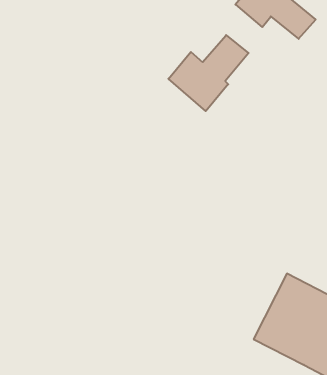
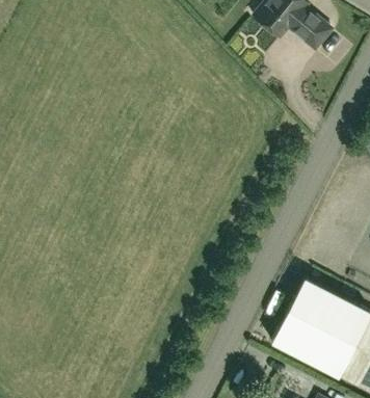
building: [168,35,249,111] -> none

